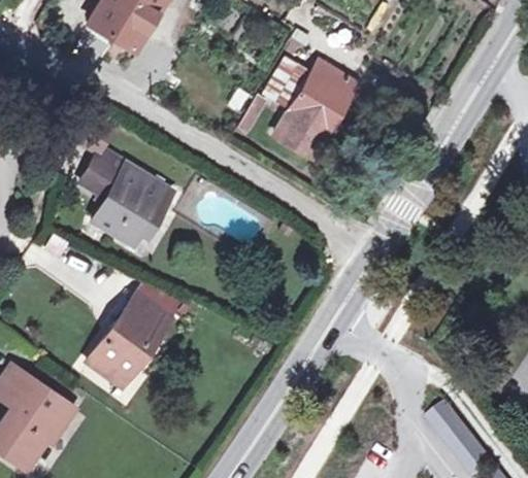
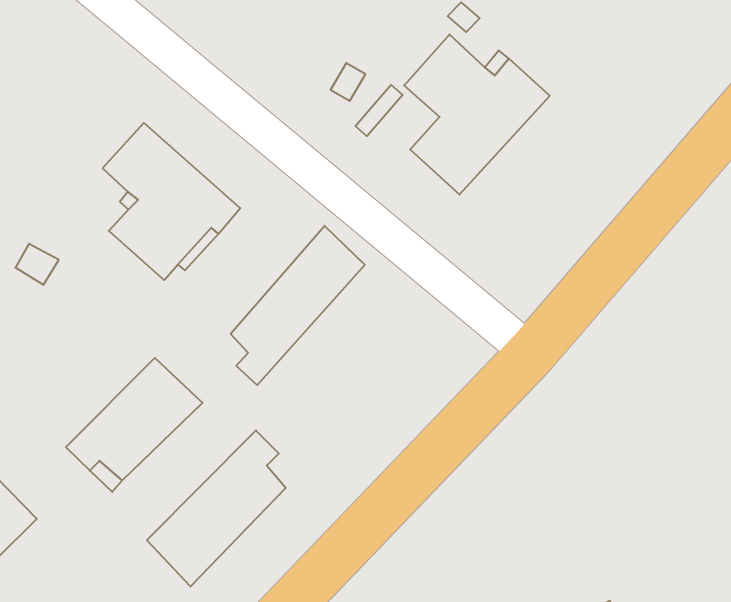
building: none -> [231,226,365,385]
building: none -> [147,430,286,587]

